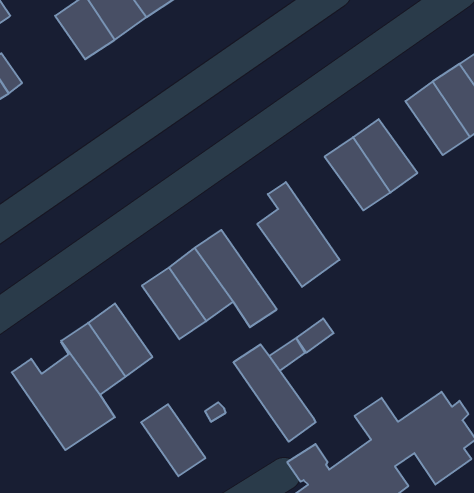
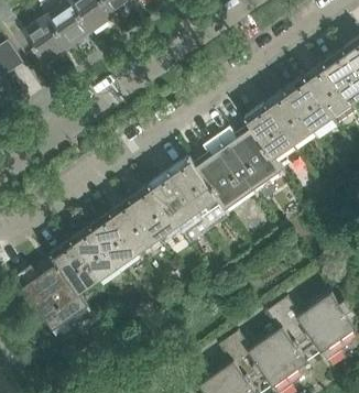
building: none -> [23,14,68,63]
building: none -> [284,77,331,130]
building: none -> [216,118,284,194]
building: [233,344,316,442] -> [168,159,229,230]
building: [141,404,205,476] -> [90,212,138,265]

